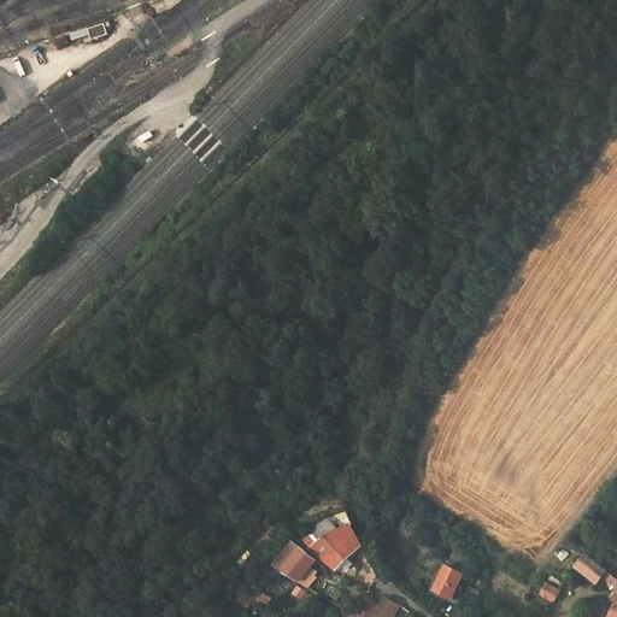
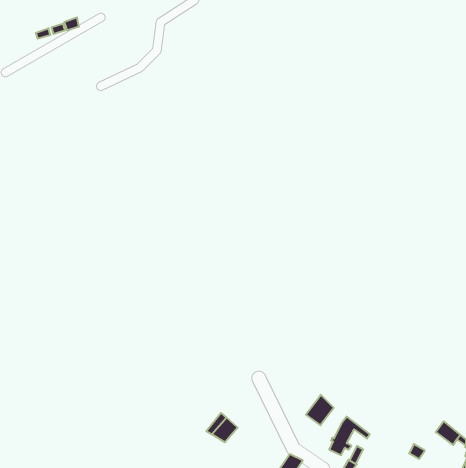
building: none -> [306,395,334,425]
building: [302,527,358,570] -> none

